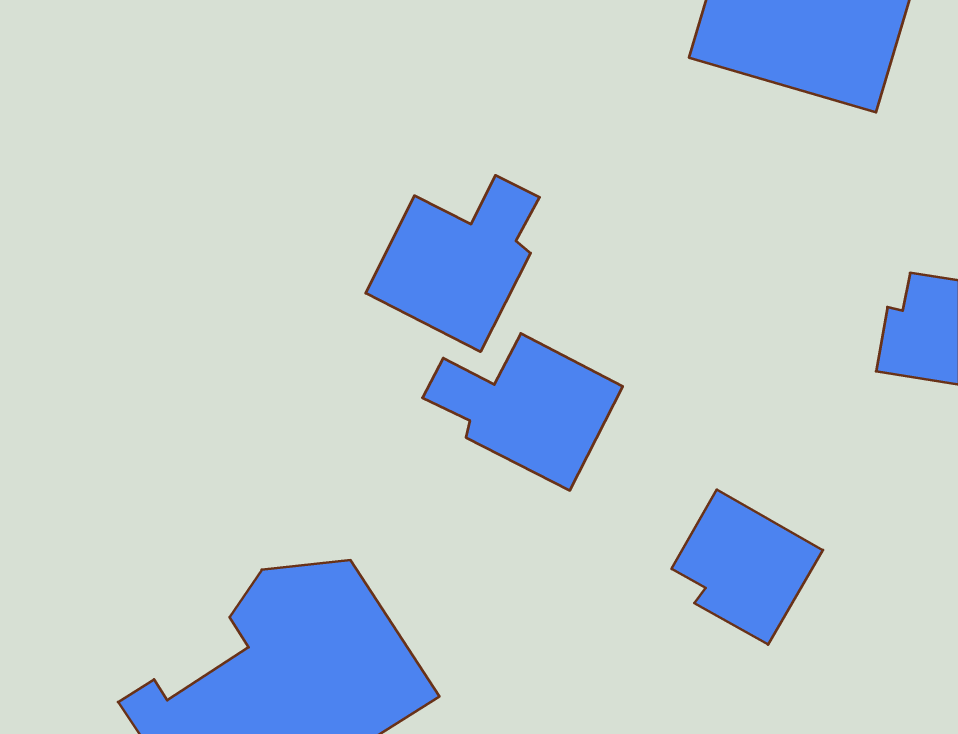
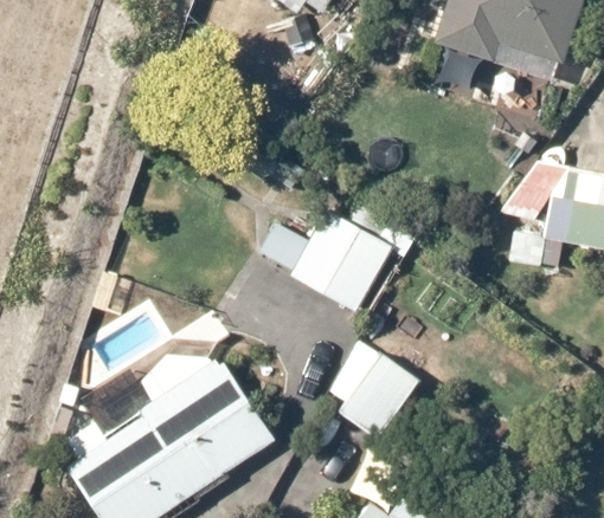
building: [366,175,540,352] -> none
building: [672,490,823,645] -> [327,343,422,440]

